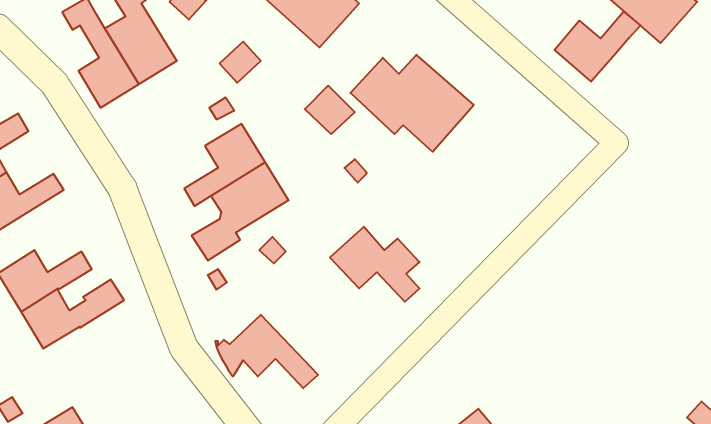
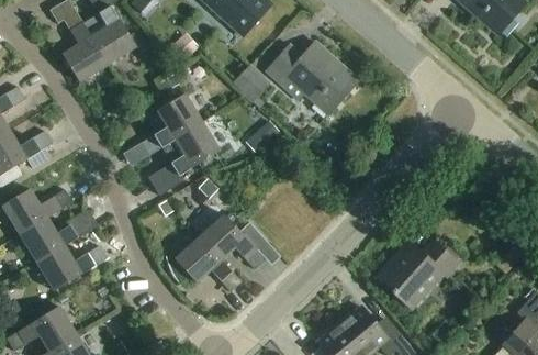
building: [555,11,640,82] -> none
building: [330,227,420,302] -> [199,213,266,269]
building: none -> [376,240,458,309]
building: none -> [36,245,107,290]

